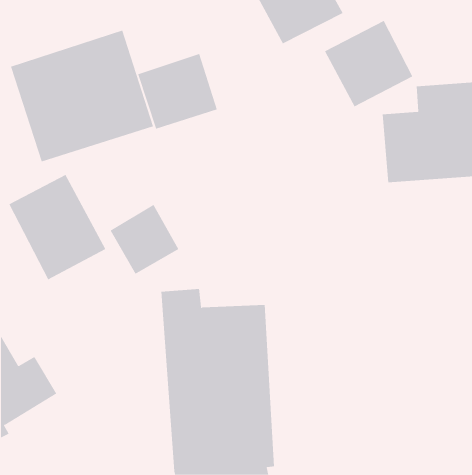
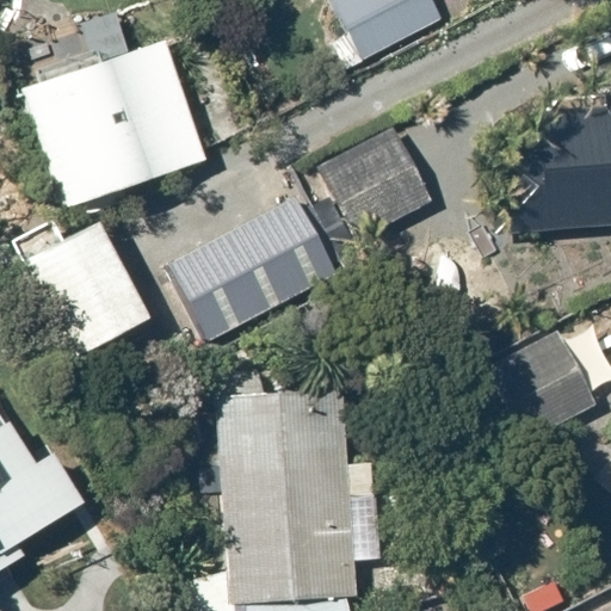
building: [324,20,413,107] -> [322,125,436,236]
building: [138,53,218,129] -> none
building: none -> [205,198,331,319]
building: none -> [486,328,601,445]

